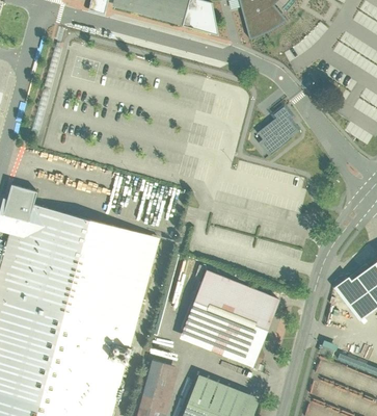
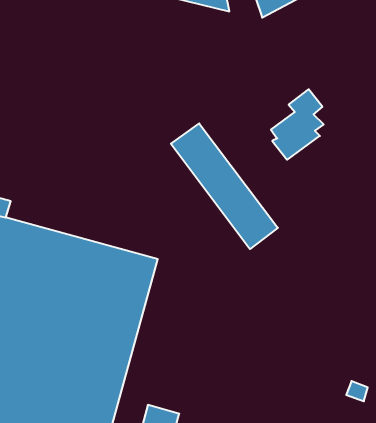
building: none -> [171,123,278,249]
building: [180,270,278,367] -> none

